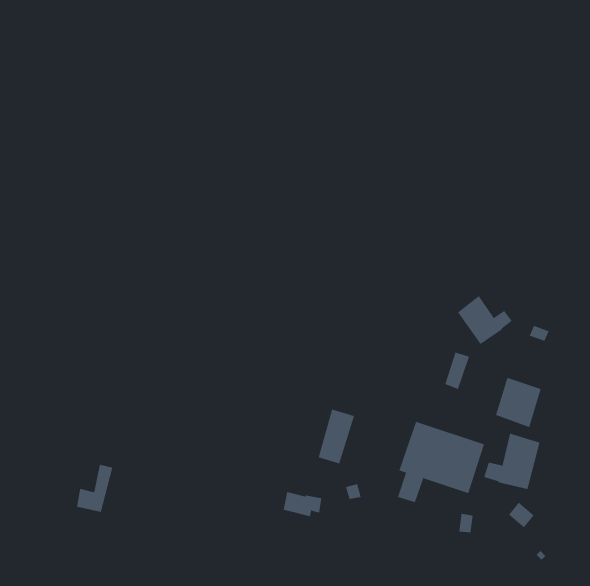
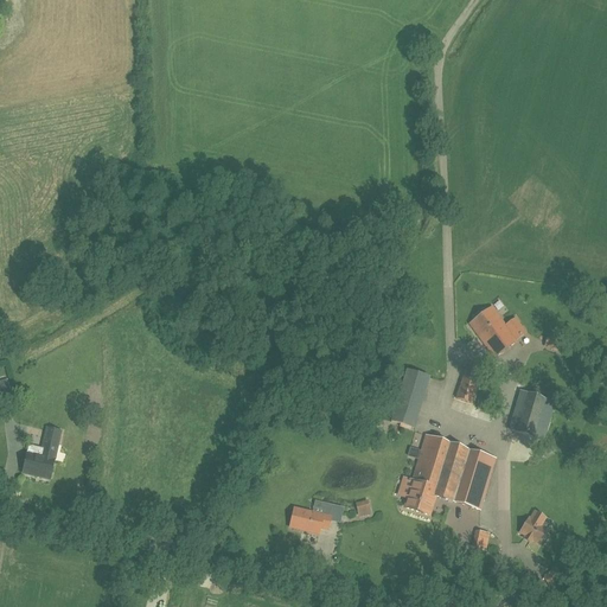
building: [318,409,355,464] -> [391,368,429,424]
building: [484,433,540,490] -> none
building: [76,464,113,513] -> [23,426,60,475]

